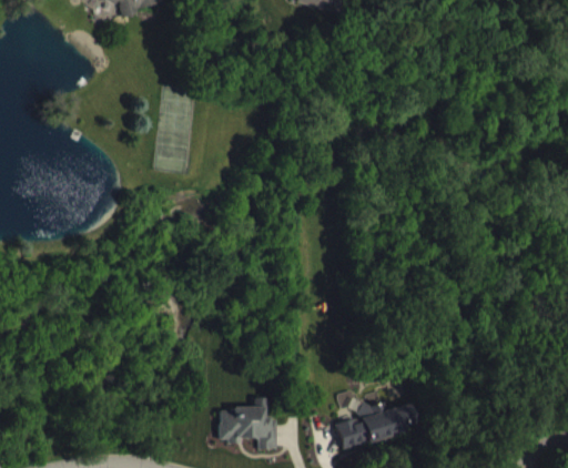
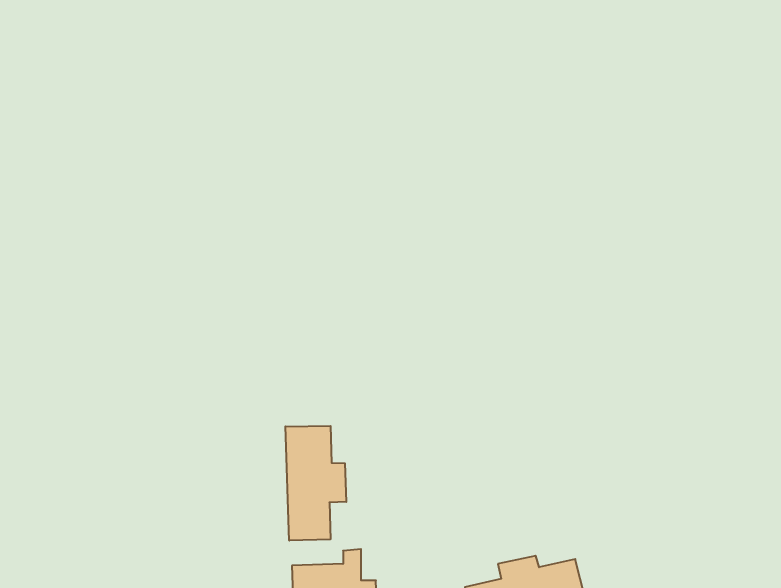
building: none -> [285,426,346,541]

